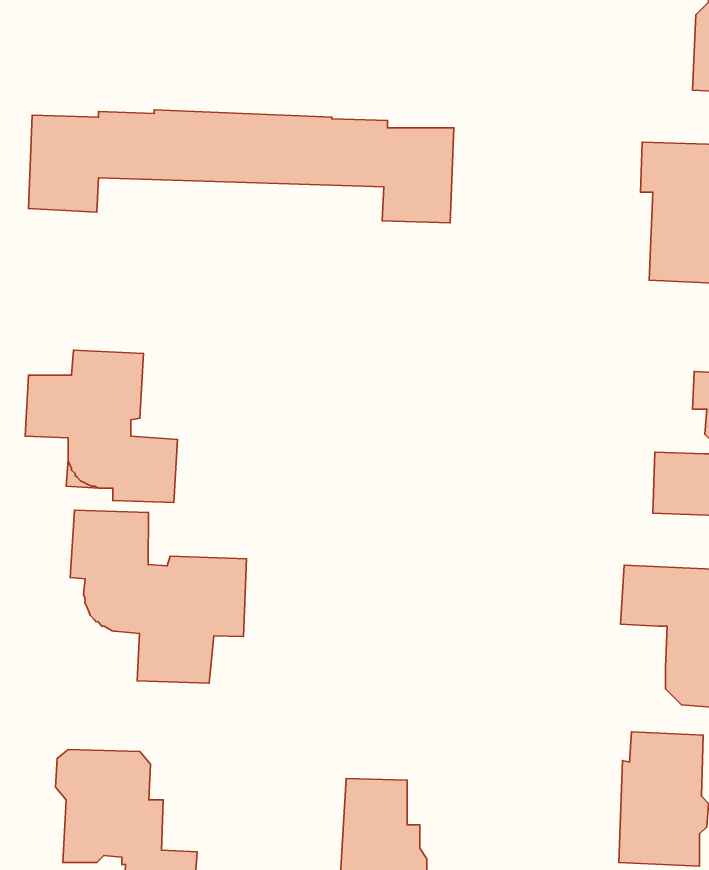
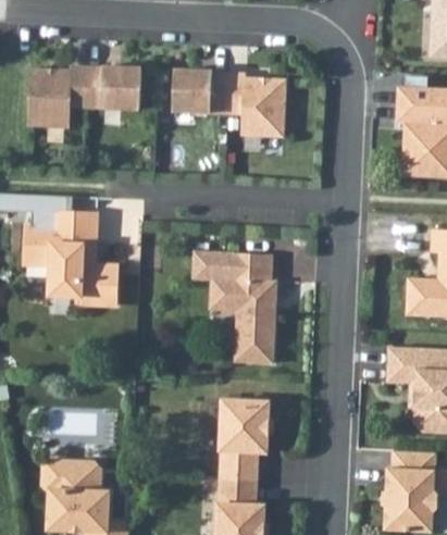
building: none -> [193,251,277,364]
building: [70,510,246,683] -> none
building: none -> [220,398,273,476]

